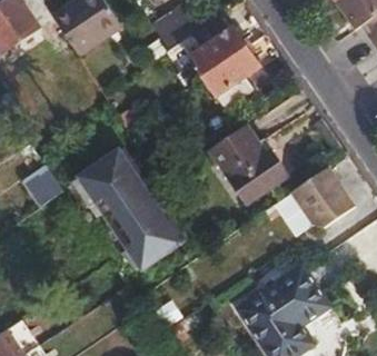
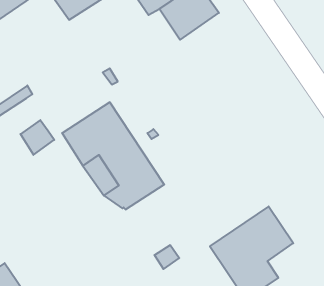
building: [204,47,260,107] -> none
building: [210,126,286,206] -> none
building: [288,169,358,240] -> none

